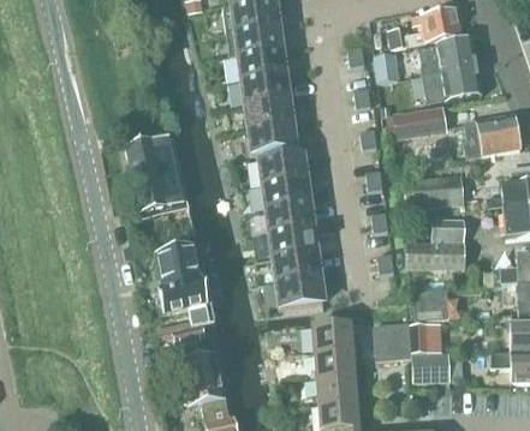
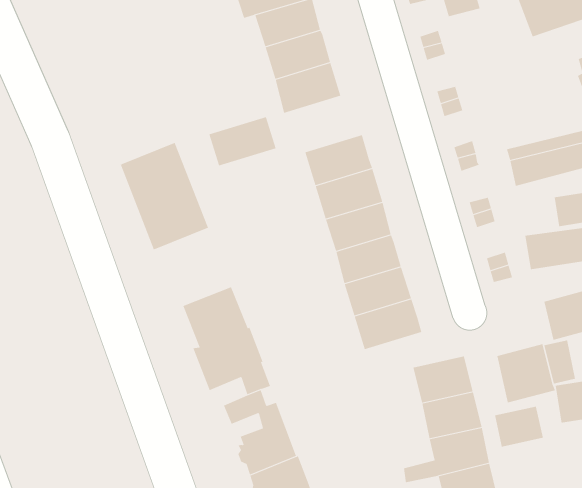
building: [395,107,445,137] -> none
building: [249,122,296,152] -> [209,117,276,166]
building: none -> [495,406,543,447]

